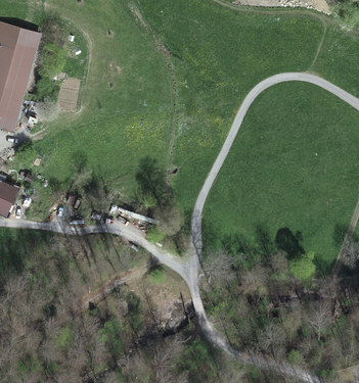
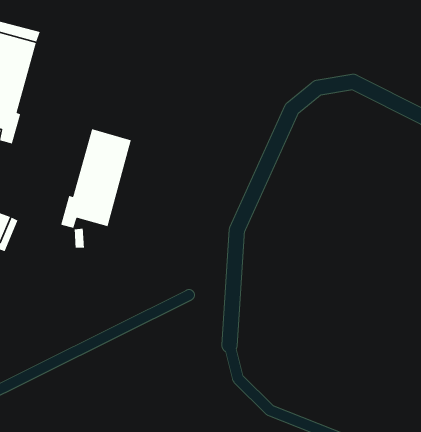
building: none -> [60,128,132,229]

